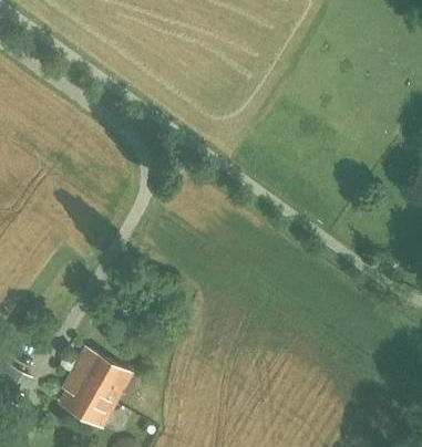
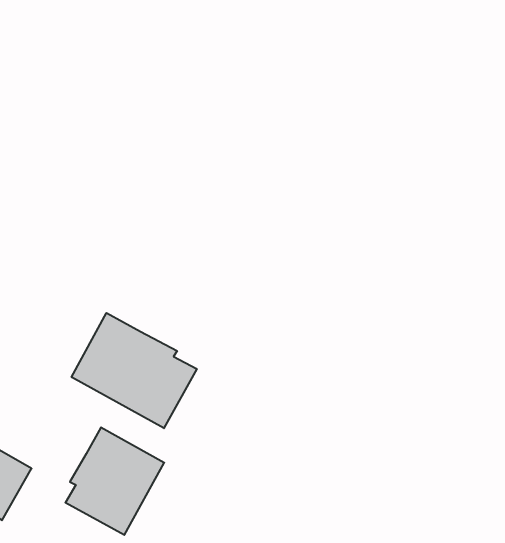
building: none -> [72,313,197,428]

